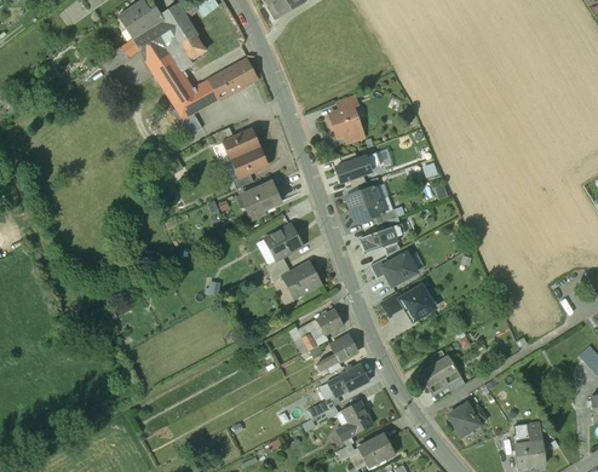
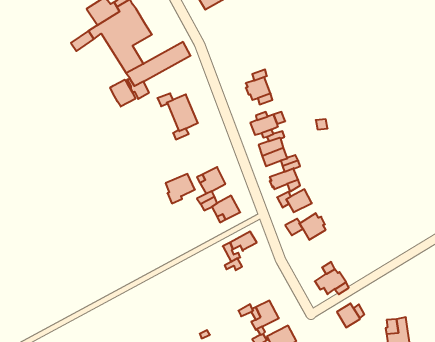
building: none -> [110,80,135,107]
building: [243,180,282,219] -> [166,174,195,203]
building: [318,334,358,369] -> none
building: [328,363,369,388] -> none

